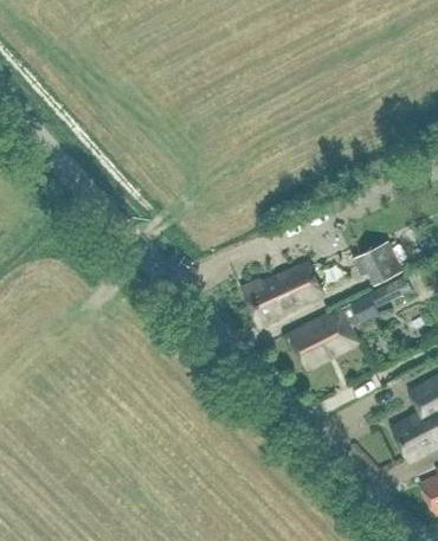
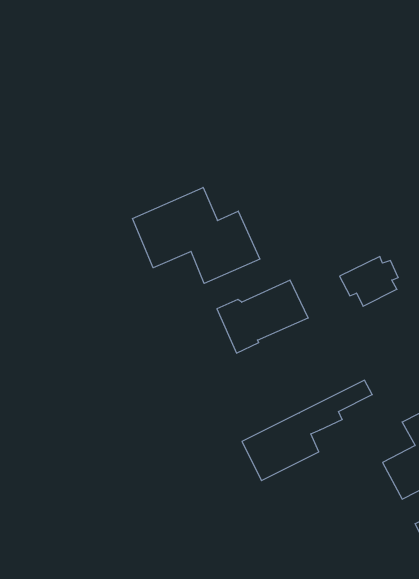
building: none -> [132,187,260,283]
building: [289,278,407,369] -> [242,380,372,481]

